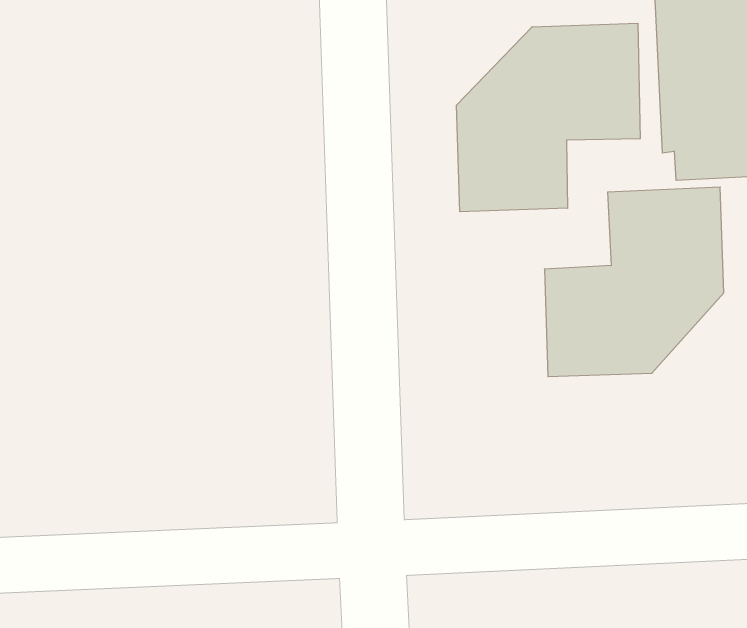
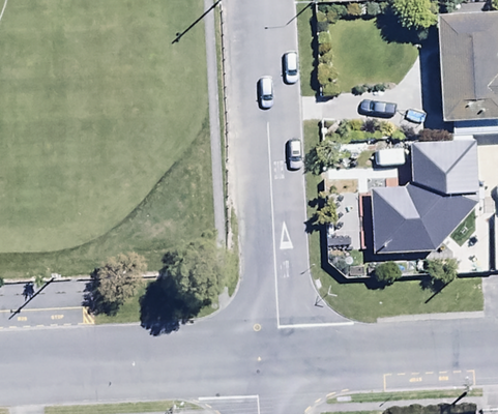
building: [457,23,640,212] -> none

